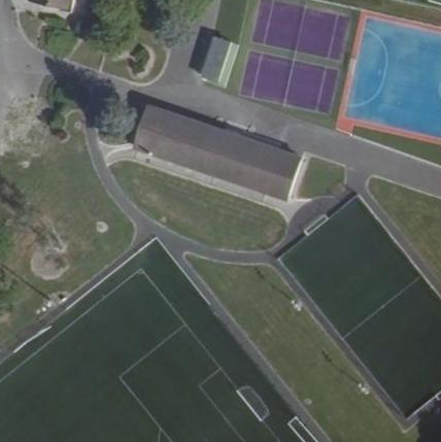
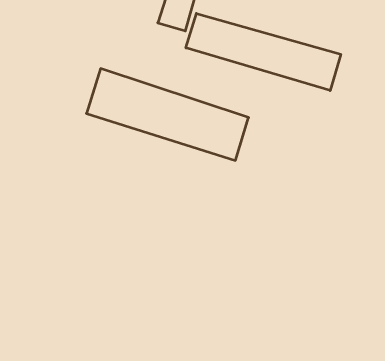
building: none -> [186,13,341,91]

